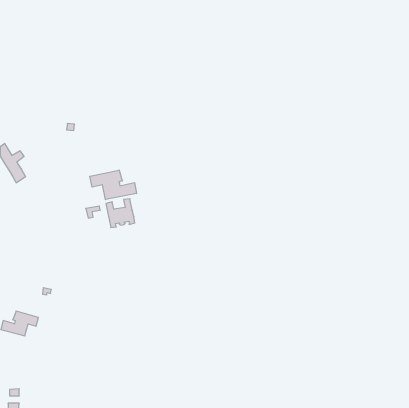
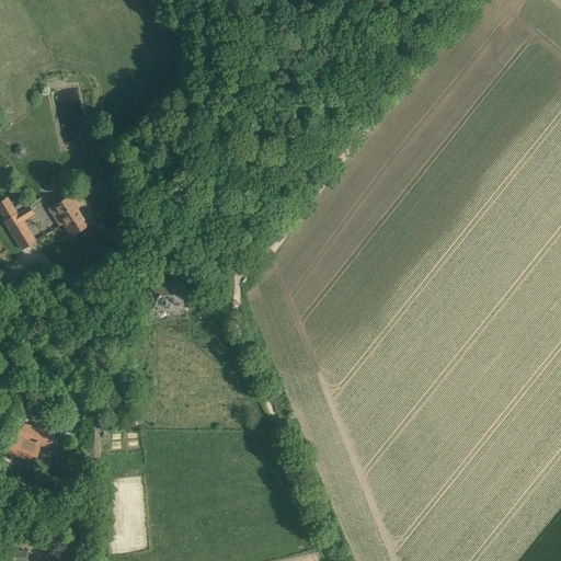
building: none -> [54,193,88,238]
building: [90,170,137,200] -> none

